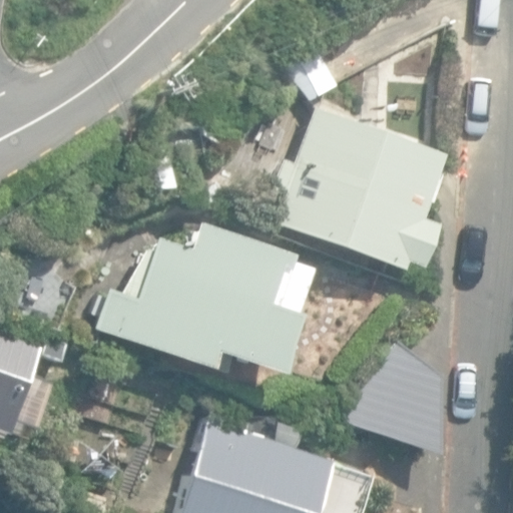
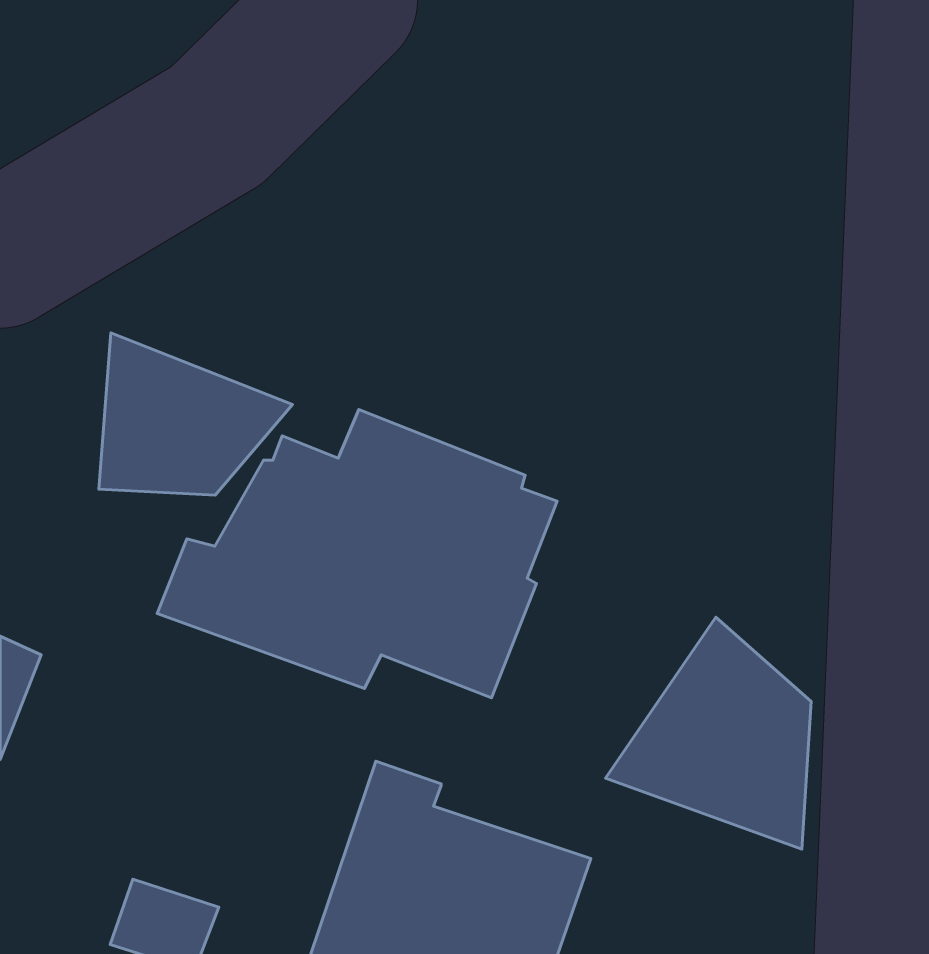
building: [277,106,451,269] -> none
building: none -> [99,333,293,495]

